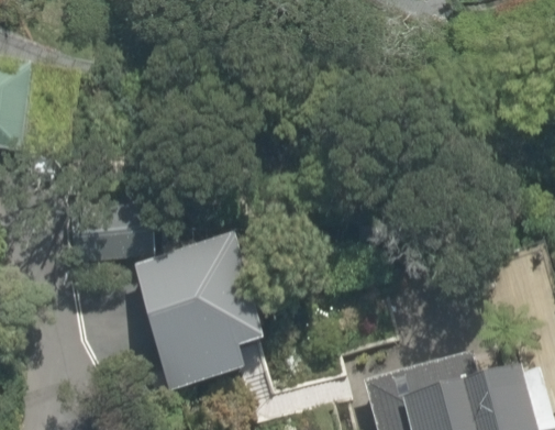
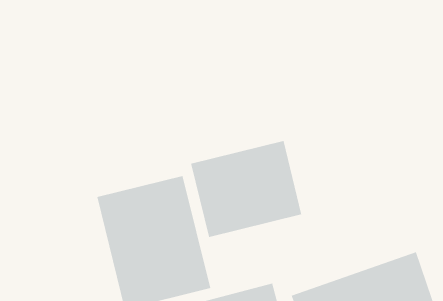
building: none -> [190,140,302,238]

